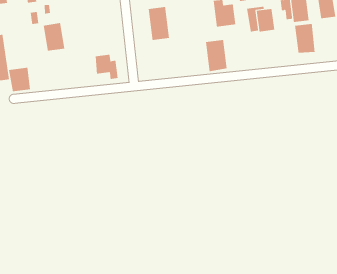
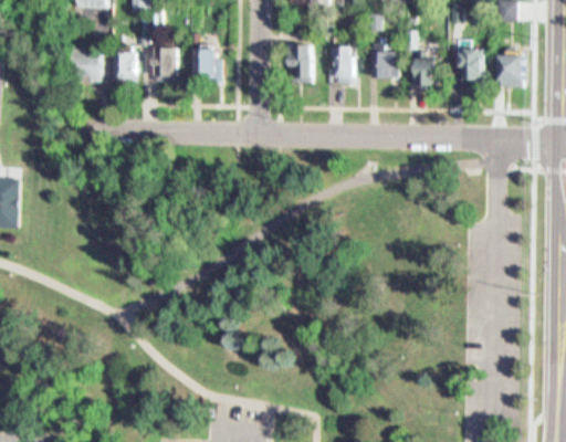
building: [295,23,315,54] -> none
building: [205,39,228,72] -> [329,46,354,85]
building: [95,54,119,79] -> [192,49,220,81]
building: [8,67,31,92] -> [109,51,135,80]

